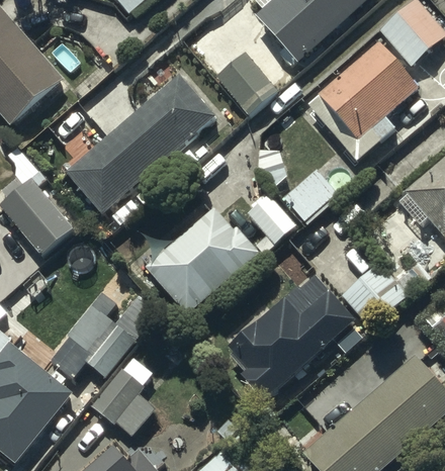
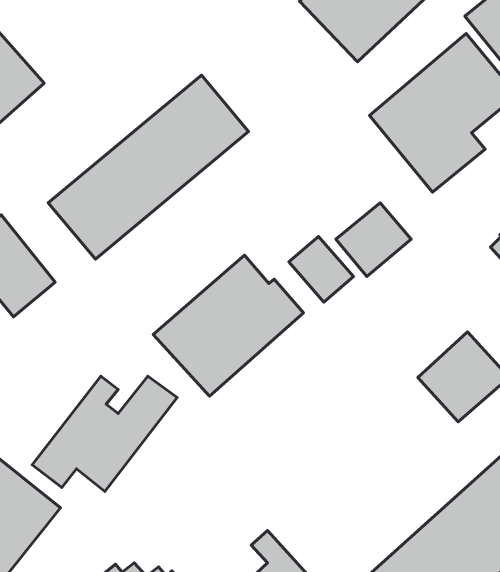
building: [215,51,278,114] -> none
building: [232,281,359,404] -> none
building: [95,362,157,439] -> none

